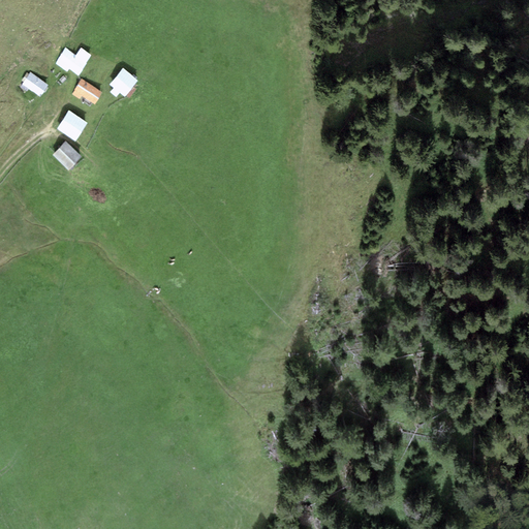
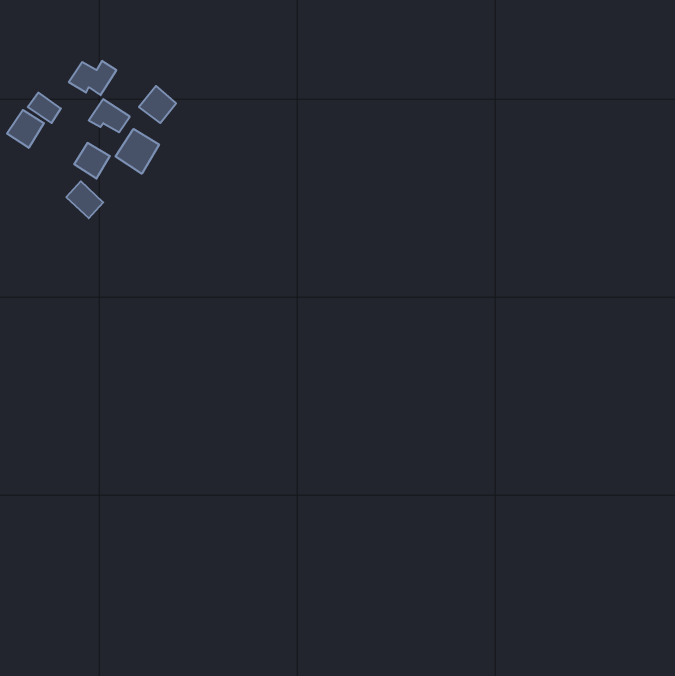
building: none -> [7,110,44,148]
building: none -> [116,129,159,174]

